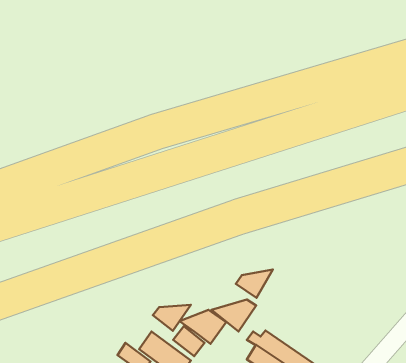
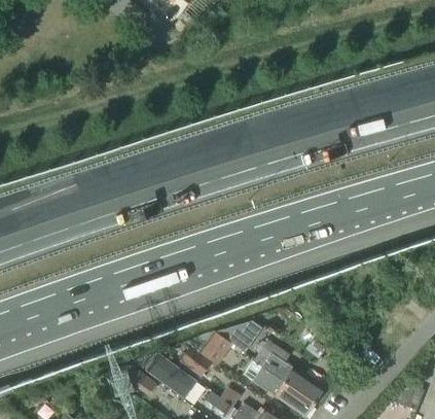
building: [236,270,273,298] -> none
building: [153,305,191,331] -> none

